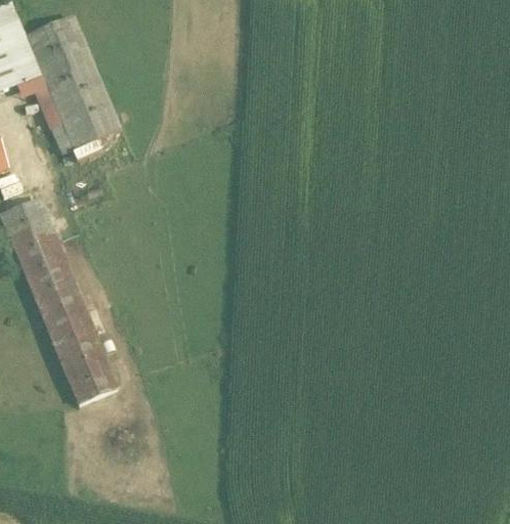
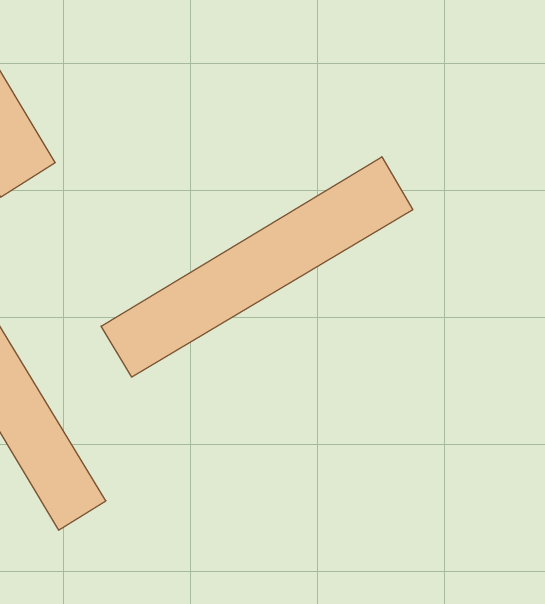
building: none -> [101,157,413,377]

